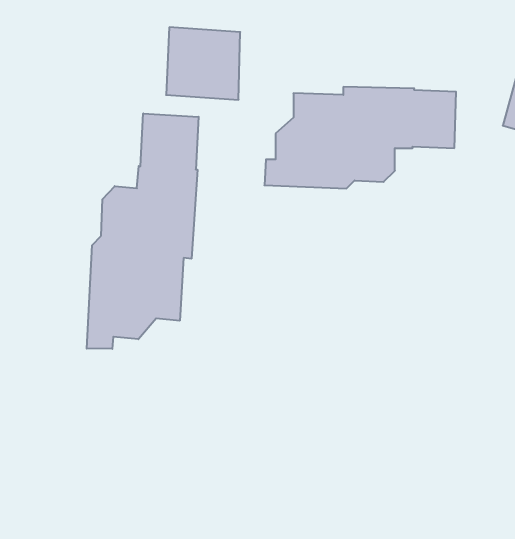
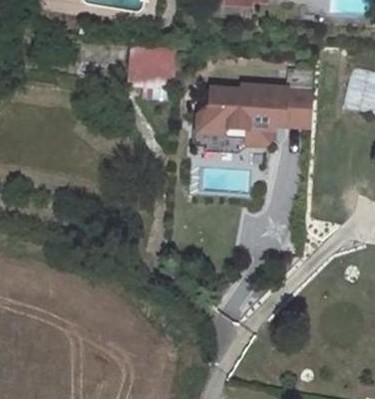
building: [87,113,199,349] -> none

